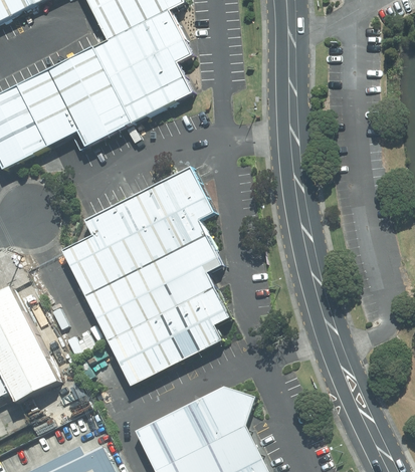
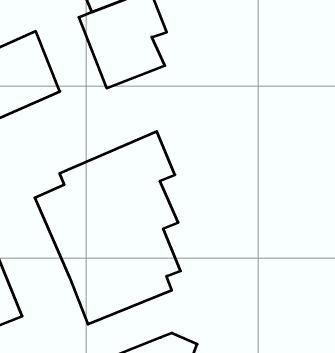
building: [46,47,131,148] -> none

